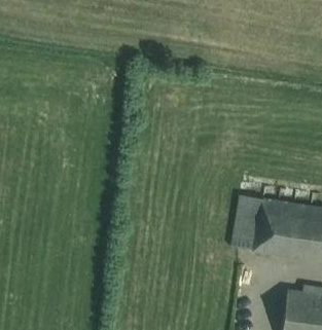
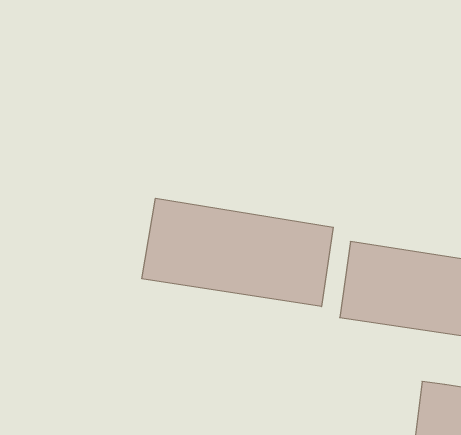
building: none -> [142,198,333,307]

